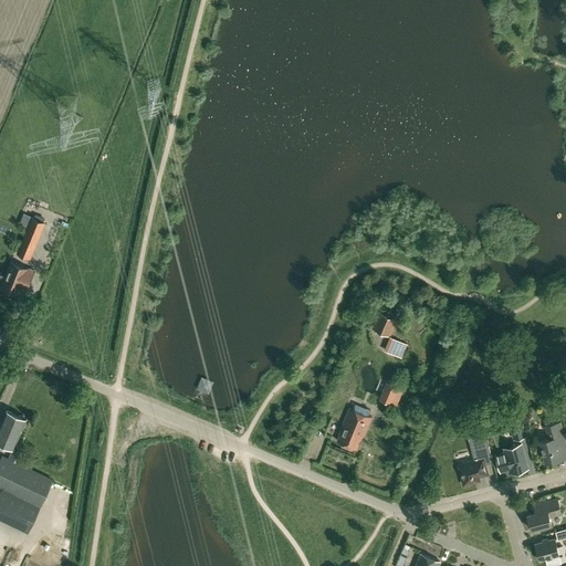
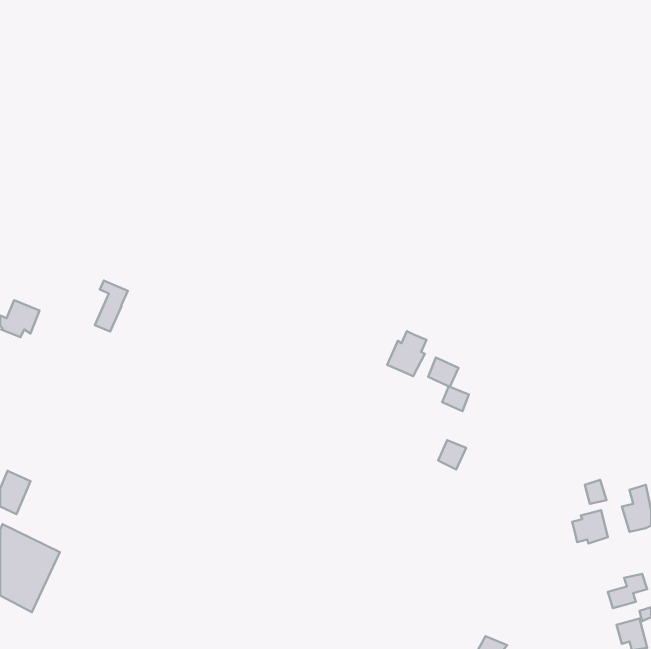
building: [17,214,45,259] -> [95,281,128,332]
building: none -> [387,331,426,376]
building: [337,405,371,449] -> none
building: [458,447,493,485] -> none

